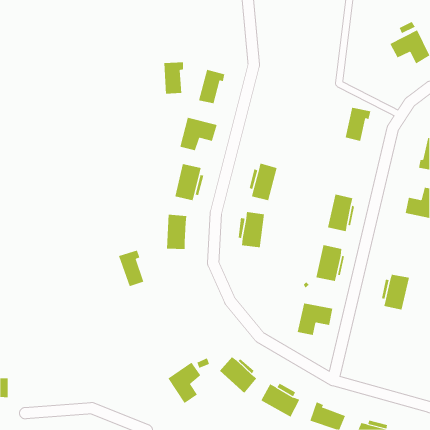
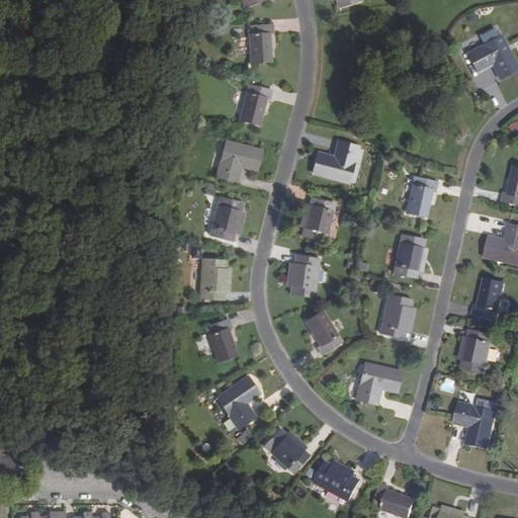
building: [164,62,184,94] -> [248,23,272,62]
building: [345,107,371,142] -> [406,175,437,217]
building: none -> [313,141,356,181]
building: none -> [471,277,504,318]
building: [118,250,144,287] -> [204,318,236,362]
building: none -> [305,310,342,355]
building: none -> [454,403,495,446]
building: [167,362,201,404] -> [217,376,257,427]

